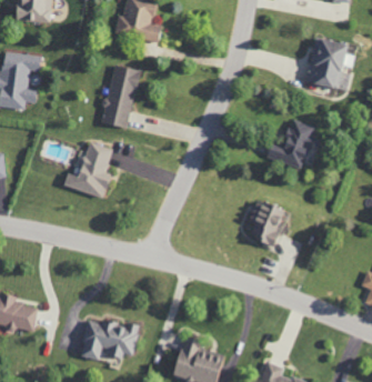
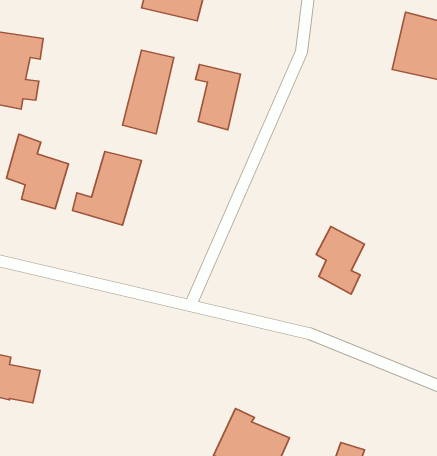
building: none -> [195,65,241,130]
building: [267,119,315,169] -> none
building: none -> [7,134,68,209]
building: [80,319,139,361] -> none

